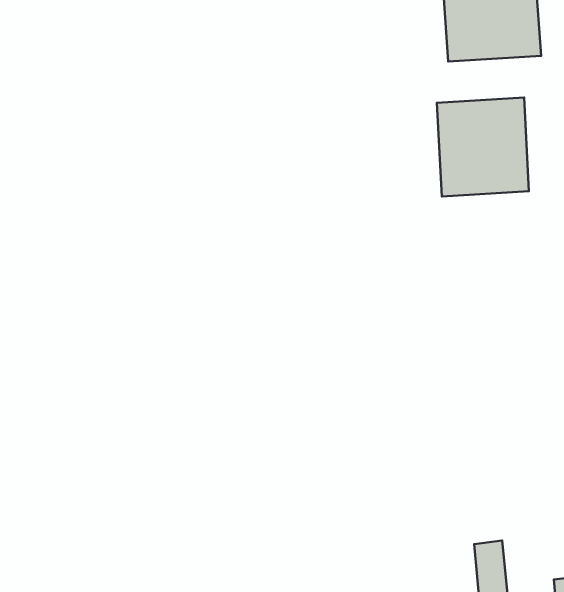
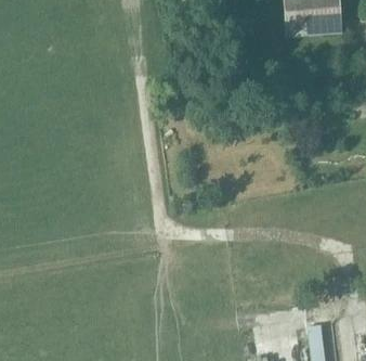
building: [437,98,529,196] -> none

